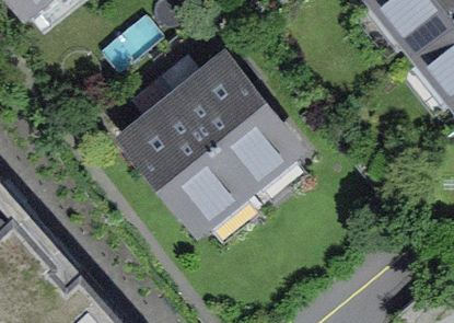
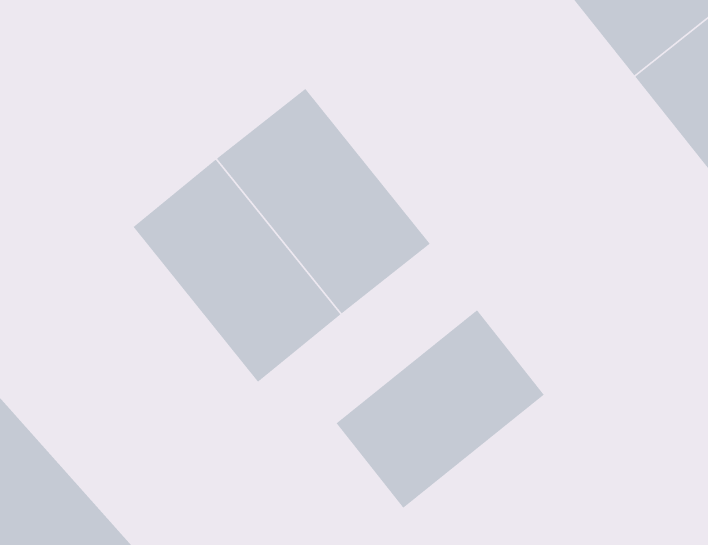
building: none -> [335,309,545,509]

